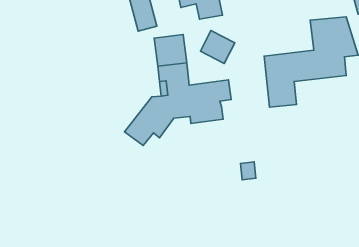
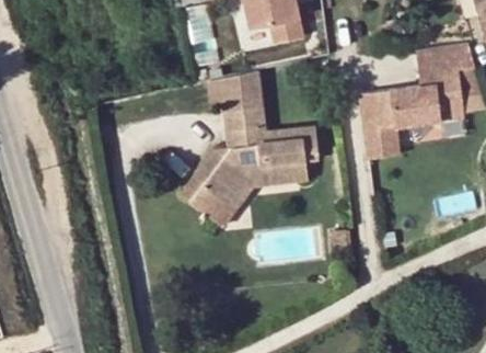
building: [200,30,235,63] -> none
building: none -> [205,172,266,224]

